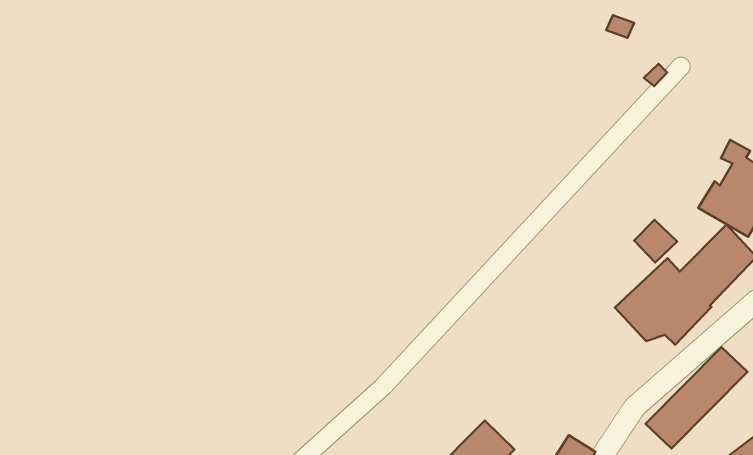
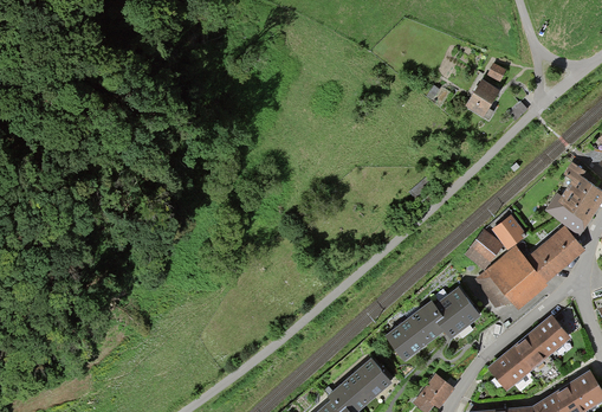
building: none -> [467,78,500,115]
building: none -> [467,232,503,270]
building: none -> [383,285,479,360]

